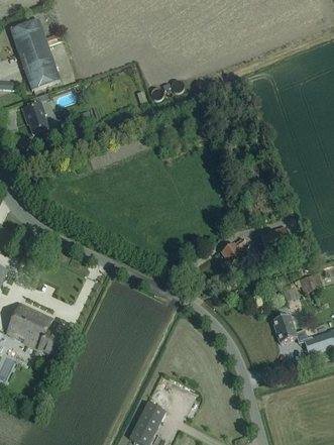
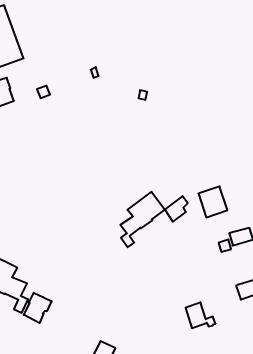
building: none -> [120,192,165,247]
building: [272,313,307,342] -> [186,302,216,328]
building: none -> [24,293,52,323]

